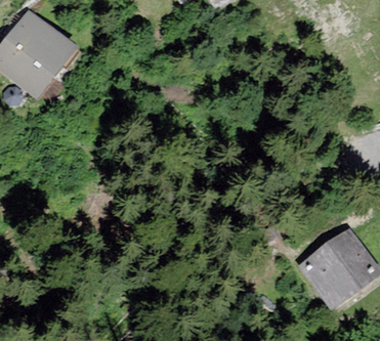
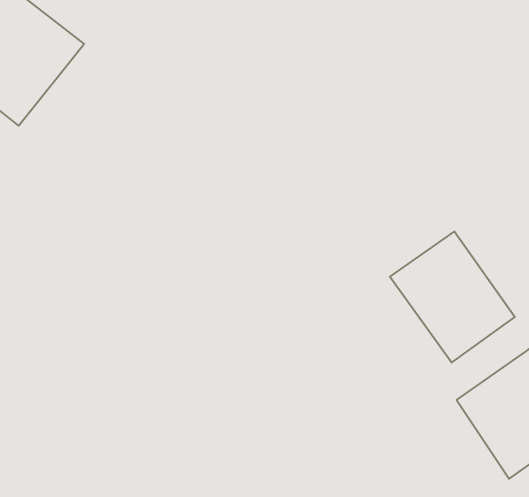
building: none -> [390,231,515,363]

